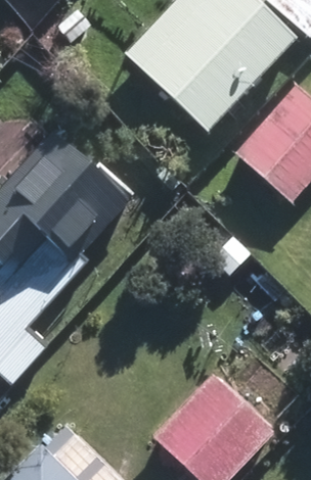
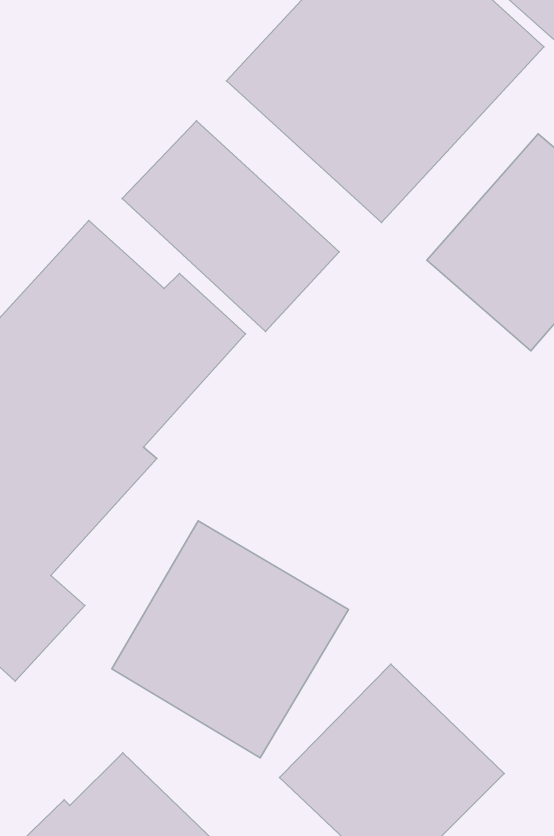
building: none -> [122,121,339,332]
building: none -> [112,521,348,758]

